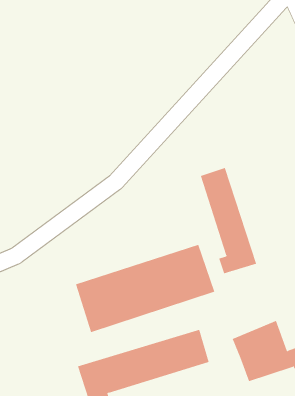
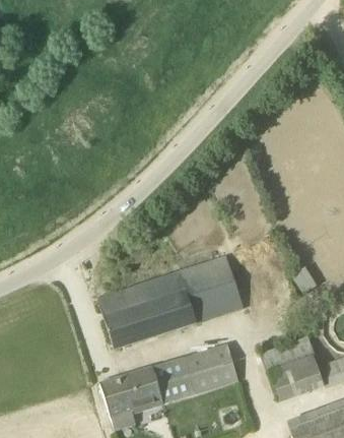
building: [200,167,257,274] -> none

